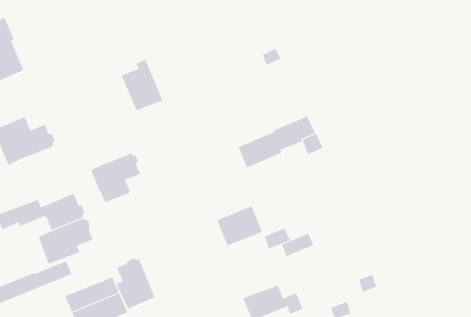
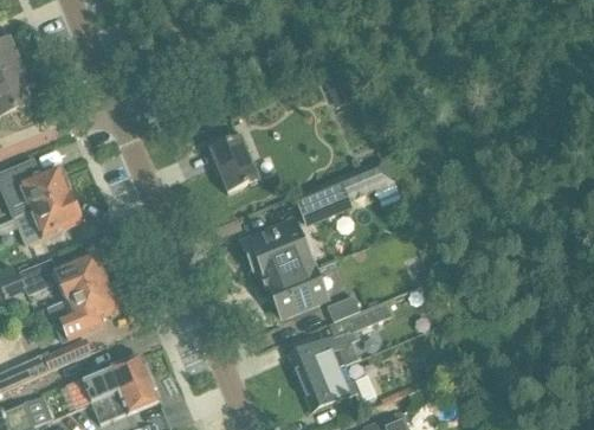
building: [121,59,163,111] -> [208,128,260,192]
building: [90,153,141,203] -> [18,194,80,256]
building: none -> [241,220,316,285]
building: none -> [289,330,357,381]
building: [116,258,155,310] -> none

